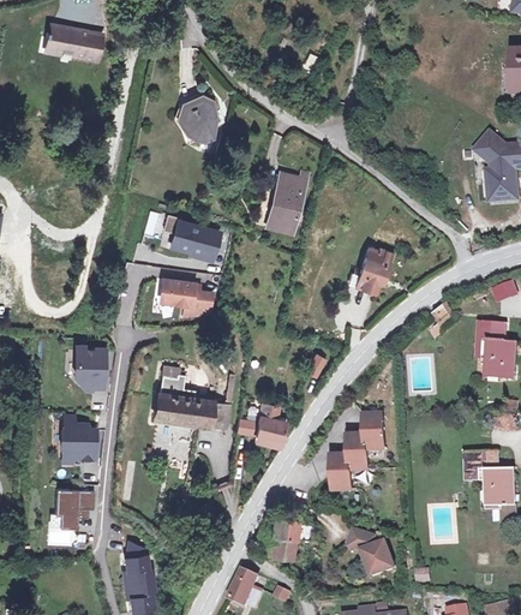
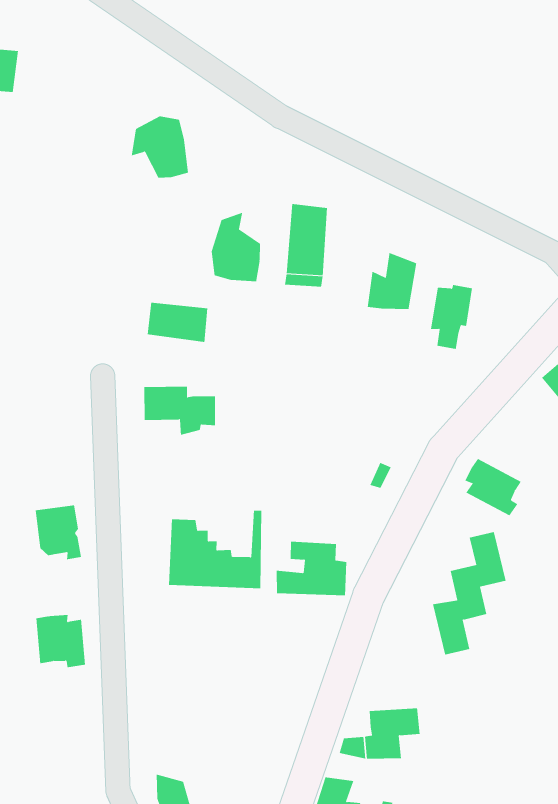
building: none -> [211,212,260,282]
building: none -> [367,252,417,310]
building: none -> [465,458,522,516]
building: [50,489,91,529] -> none
building: [347,526,394,574] -> none

